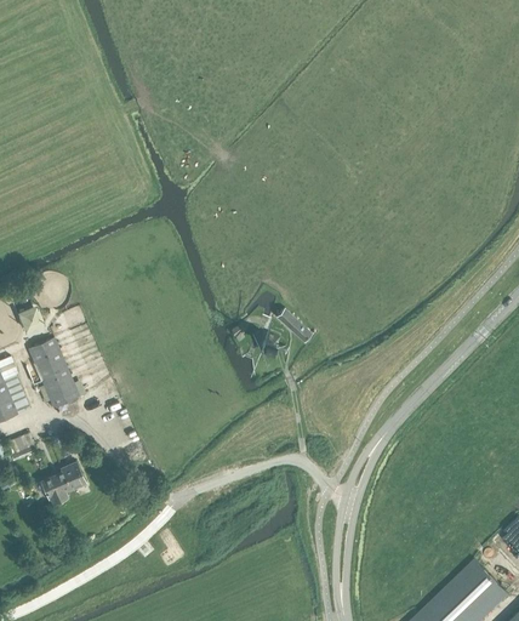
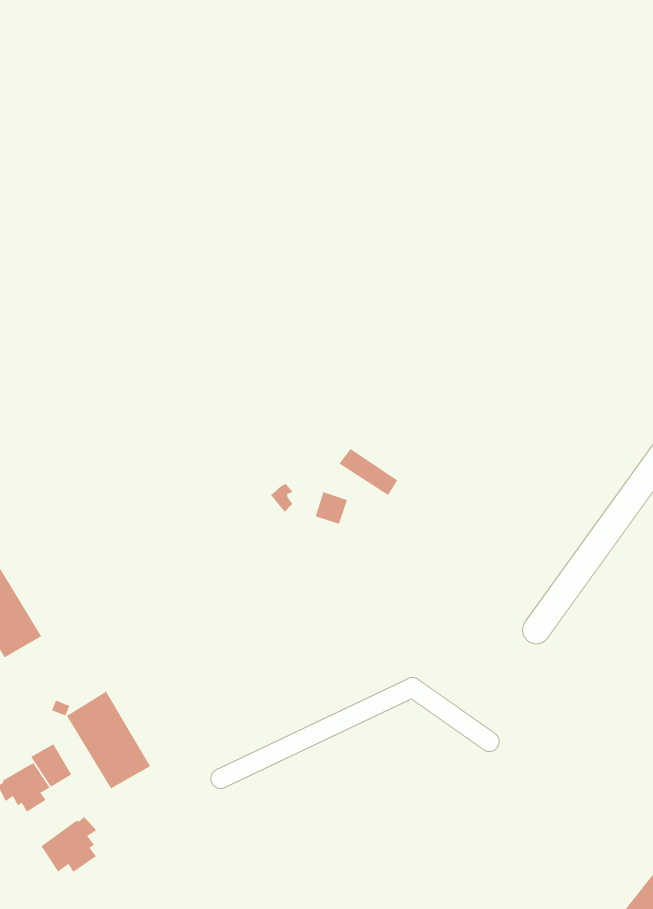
building: none -> [66,690,151,789]
building: none -> [37,816,97,873]

